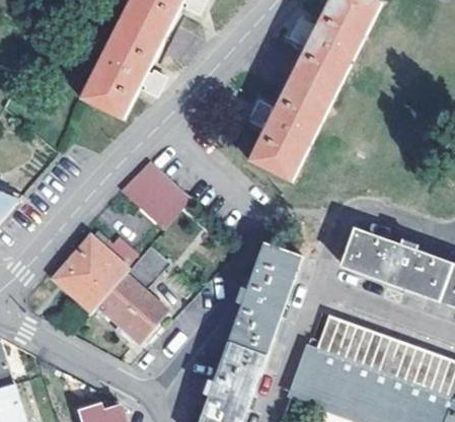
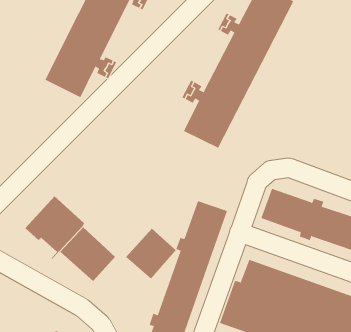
building: [119,163,185,230] -> none
building: [128,248,169,291] -> none
building: none -> [125,228,176,279]

